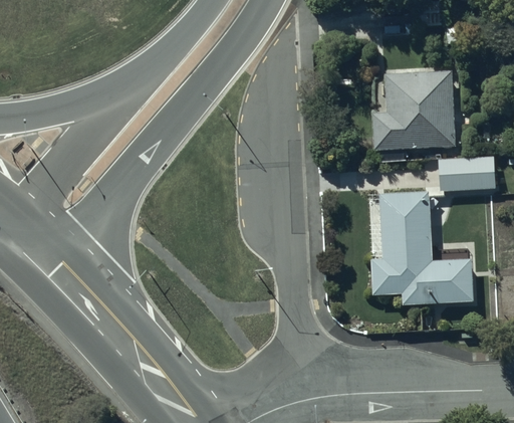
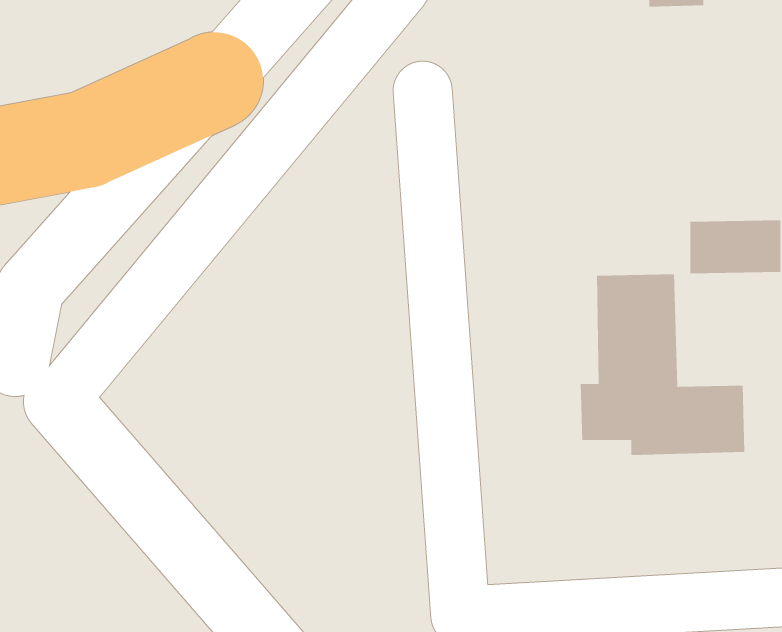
building: [372,70,455,150] -> none

